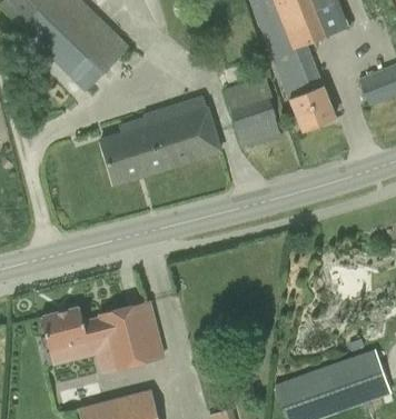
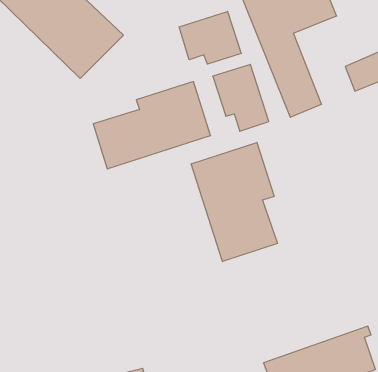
building: none -> [179,11,241,64]
building: none -> [191,142,277,262]
building: [41,301,162,368] -> none

